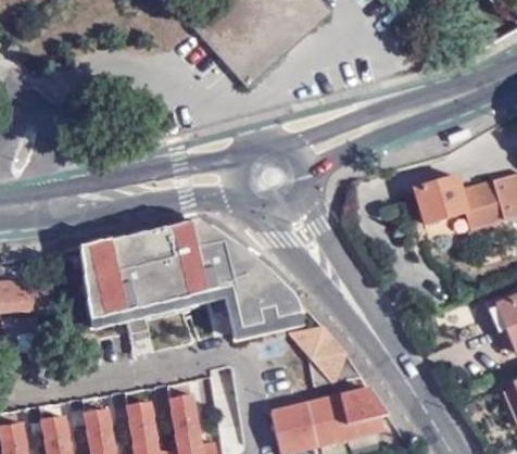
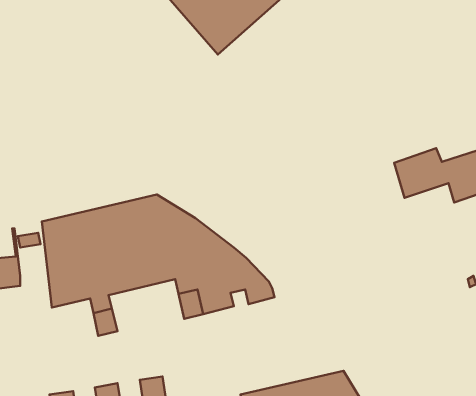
building: [288,325,361,387] -> none

